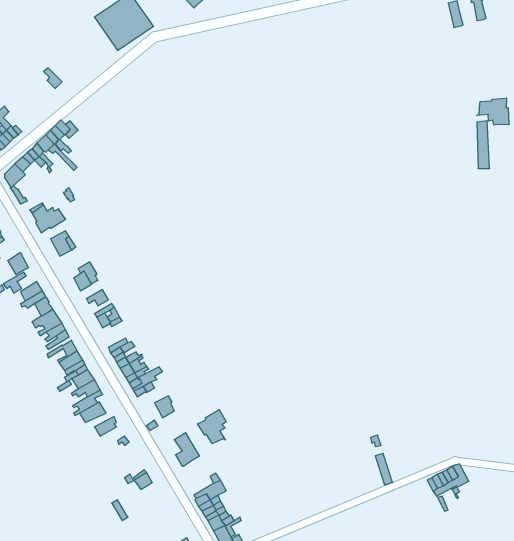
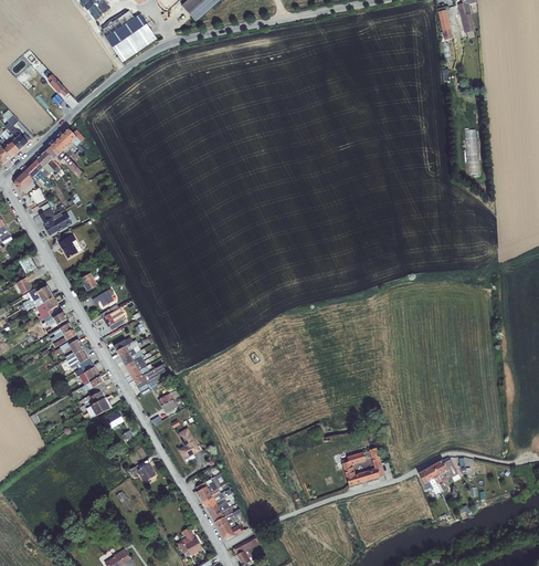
building: [477,98,509,125] -> none
building: [198,410,226,444] -> none
building: none -> [342,451,367,484]

